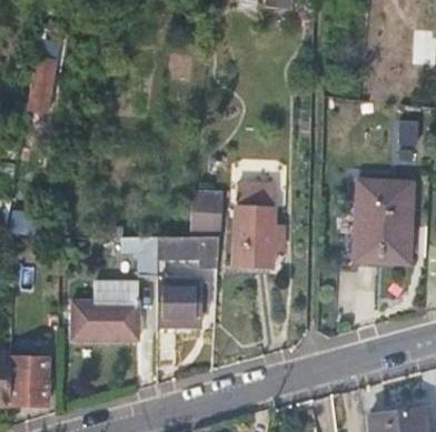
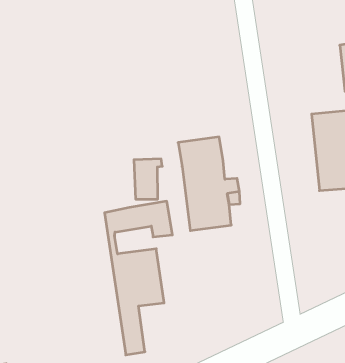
building: [122,239,157,279] -> none
building: [75,284,140,339] -> none

